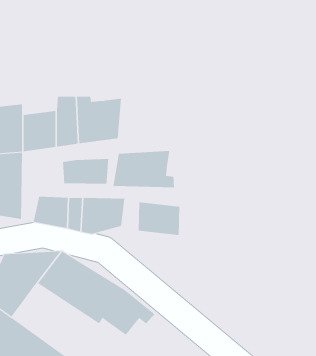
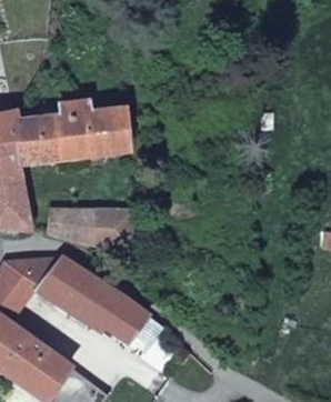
building: [113,150,174,188] -> none
building: [63,158,109,184] -> none
building: [138,201,180,236] -> none

